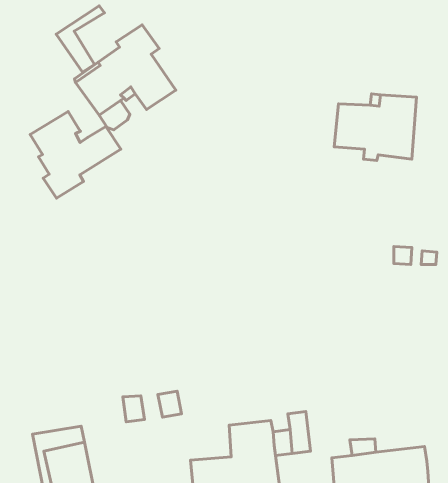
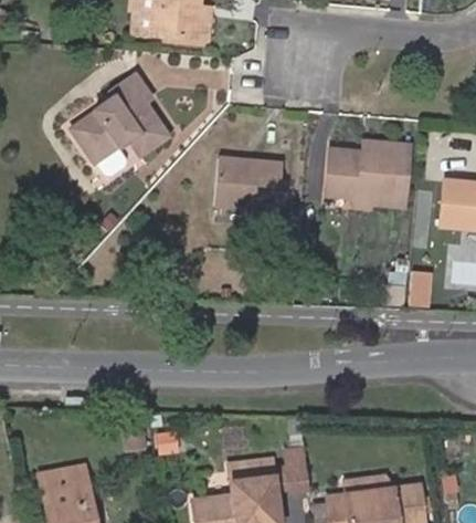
building: [56,6,104,72] -> none
building: [30,111,121,198] -> none
building: none -> [219,157,287,211]

